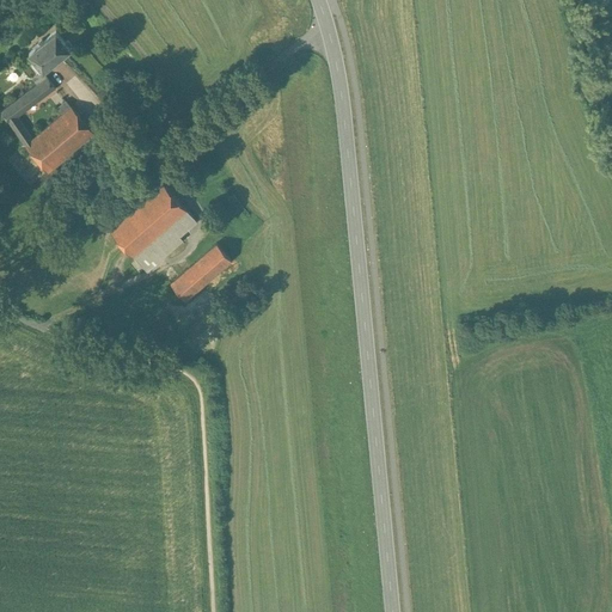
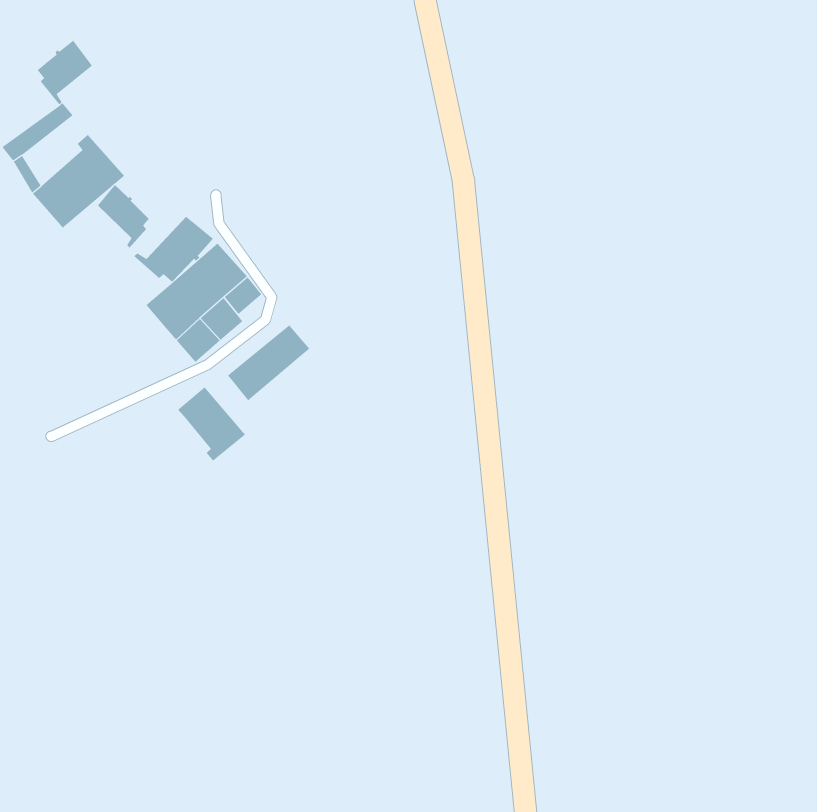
building: none -> [97,184,150,249]
building: none -> [133,216,214,282]
building: none -> [177,387,246,462]

